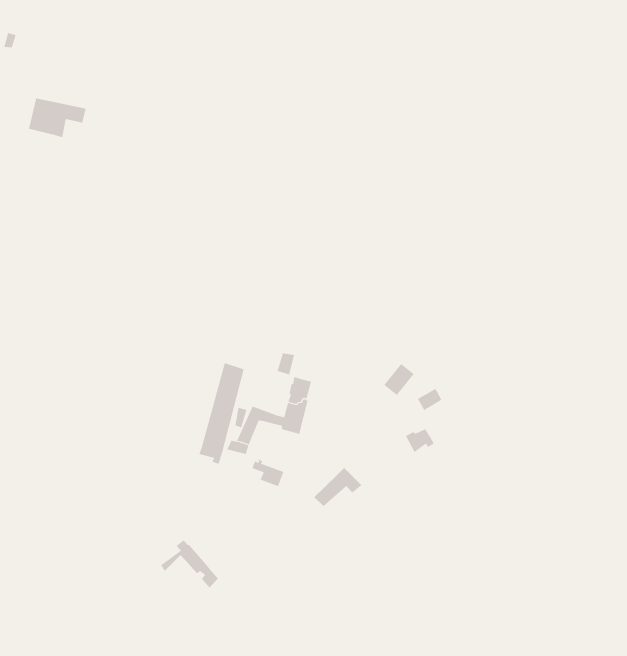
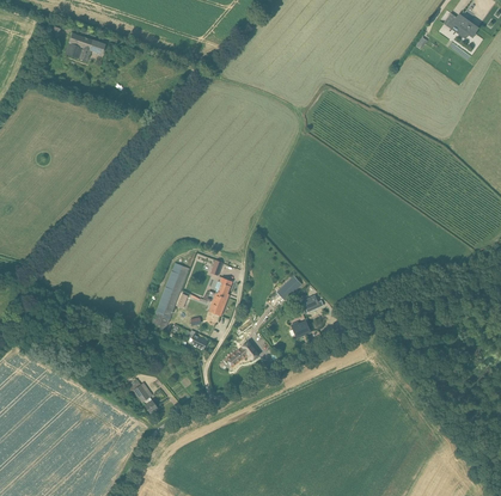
building: [28,98,87,138] -> [65,33,105,62]

